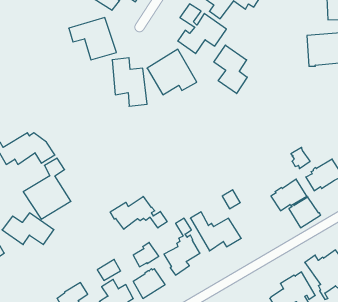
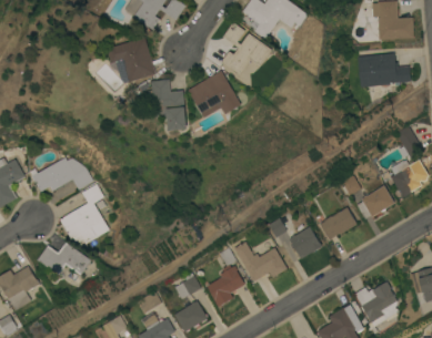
building: [214,45,247,94] -> none
building: [110,196,167,229] -> none
building: [289,197,321,228] -> [290,226,323,258]

